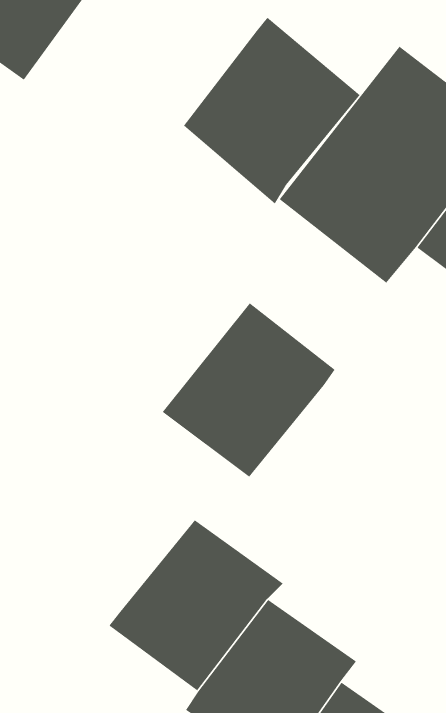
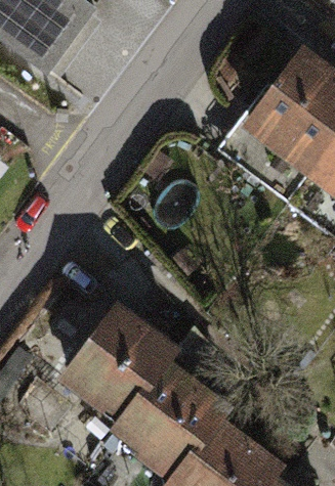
building: [183,17,361,204] -> none
building: [162,303,335,478] -> [54,302,168,416]

